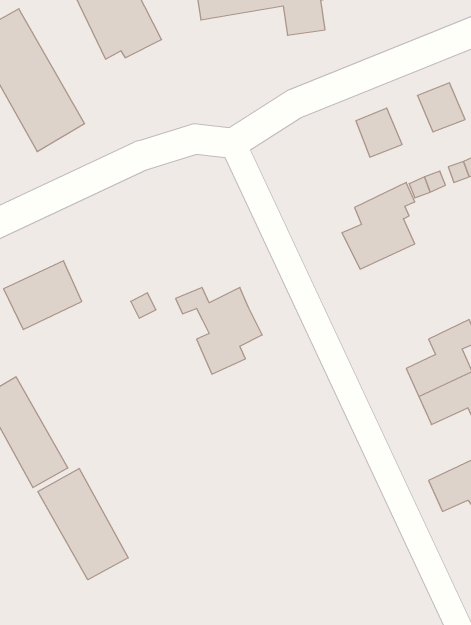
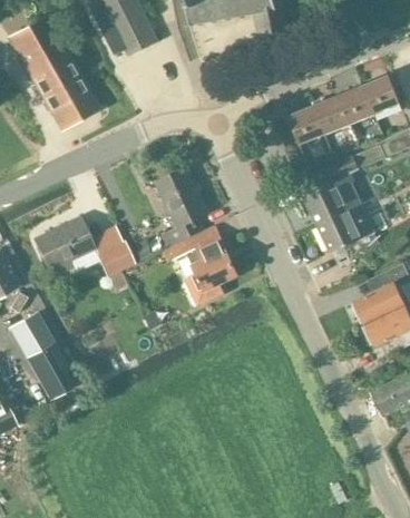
building: none -> [338,85,374,124]
building: none -> [287,105,324,145]
building: none -> [155,166,209,246]
building: none -> [316,203,380,261]
building: none -> [97,242,134,275]
building: [38,468,128,580] -> none

